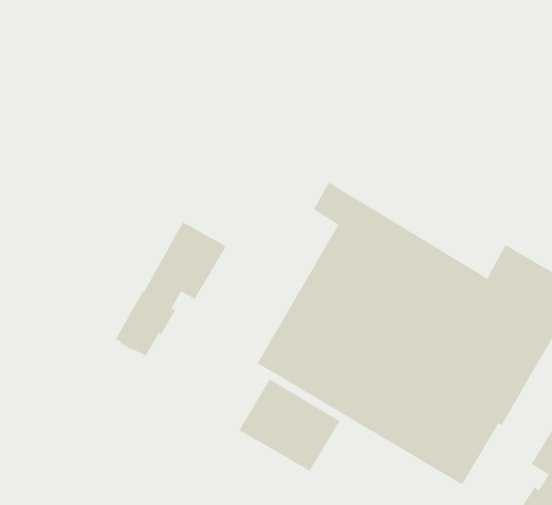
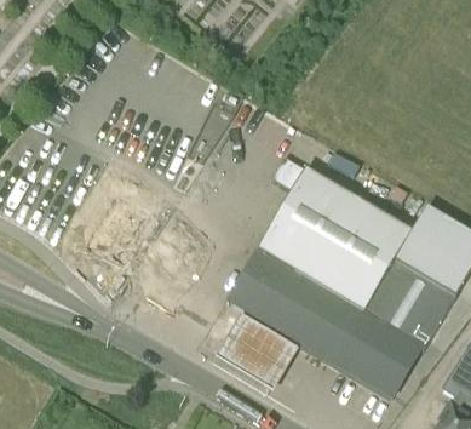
building: [115,222,226,356] -> none

